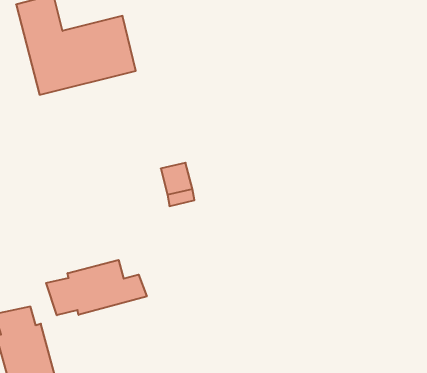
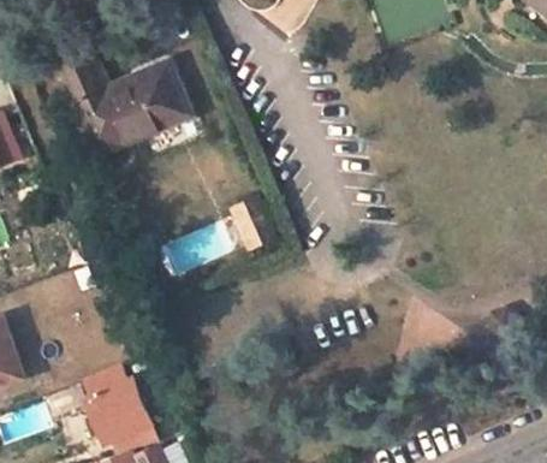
building: [46,260,147,315] -> none

